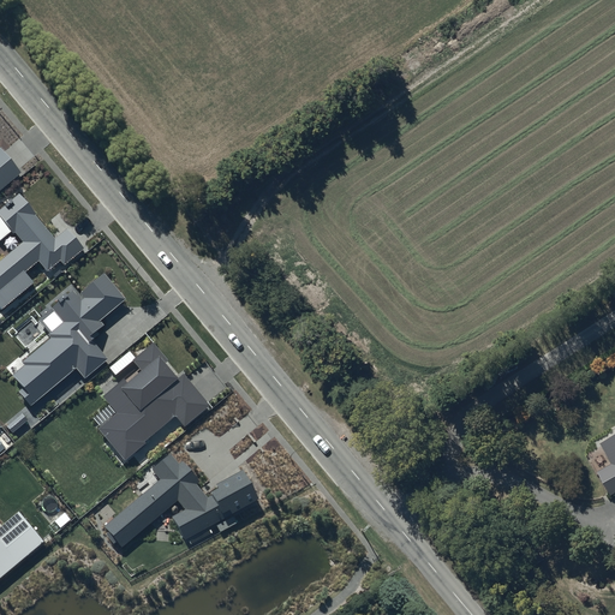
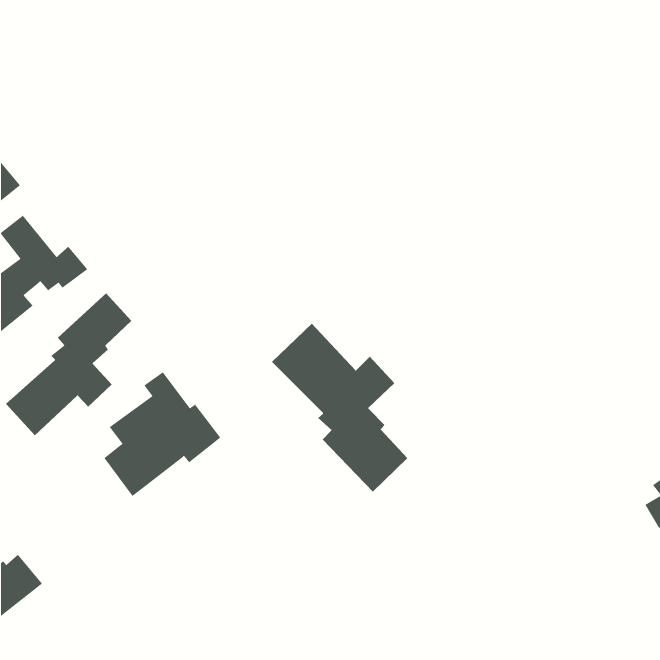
building: none -> [271,323,408,492]
building: [107,452,268,549] -> none

